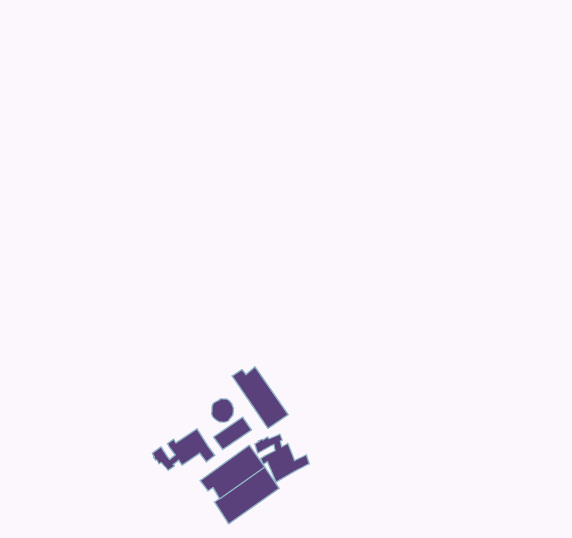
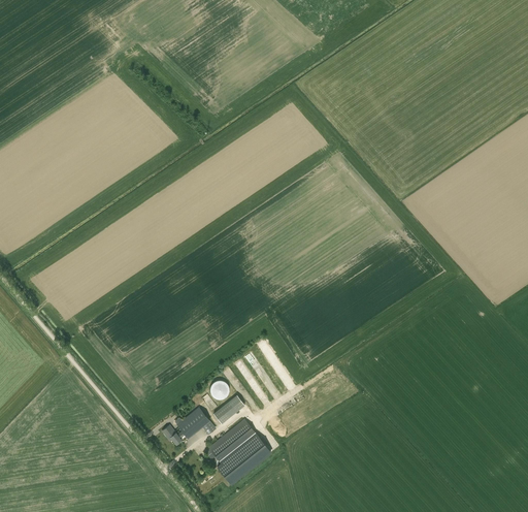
building: [232,367,288,428] -> none
building: [255,434,309,482] -> none

